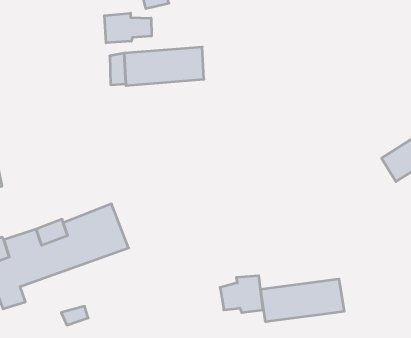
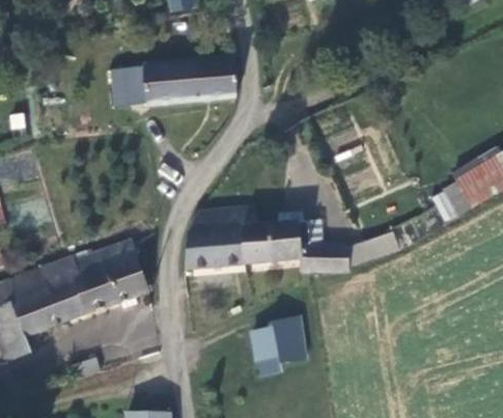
building: [104,13,151,43] -> none
building: none -> [187,210,398,272]
building: [260,279,344,322] -> none

